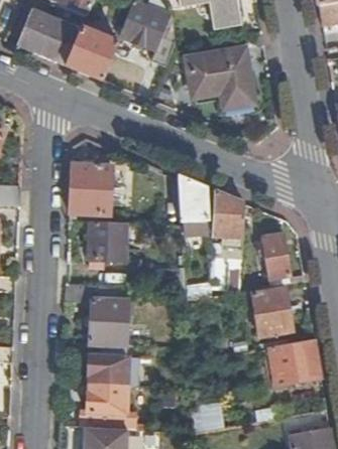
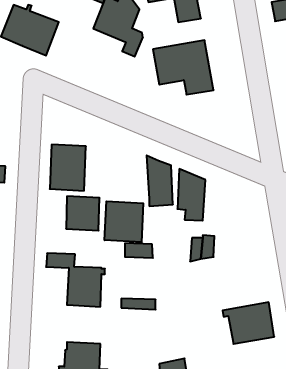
building: [67,25,117,79] -> none
building: none -> [105,201,143,242]
building: [258,233,291,279] -> none
building: [253,287,292,334] -> none
building: [89,341,138,385] -> none

